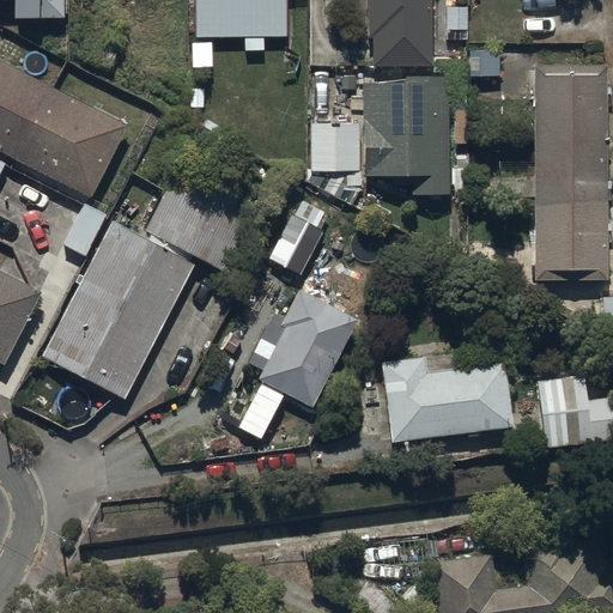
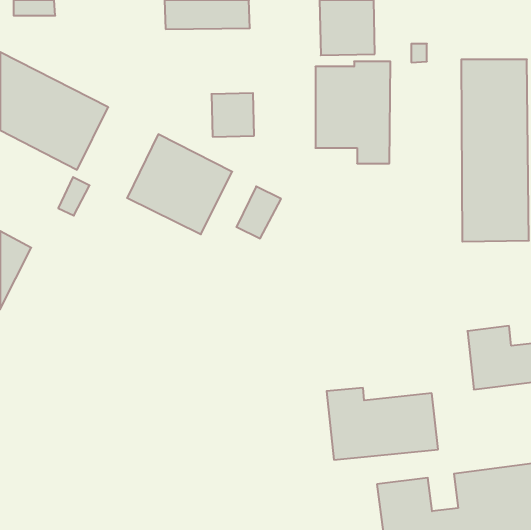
building: [311,121,360,171] -> [211,93,254,137]
building: [47,223,194,399] -> none
building: [259,289,360,408] -> none
building: [383,358,511,441] -> [327,388,438,460]

